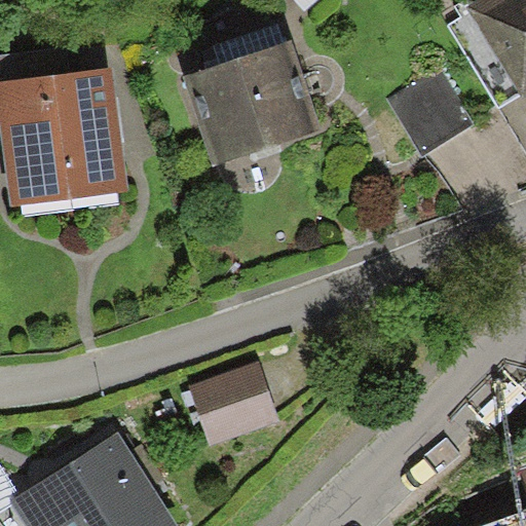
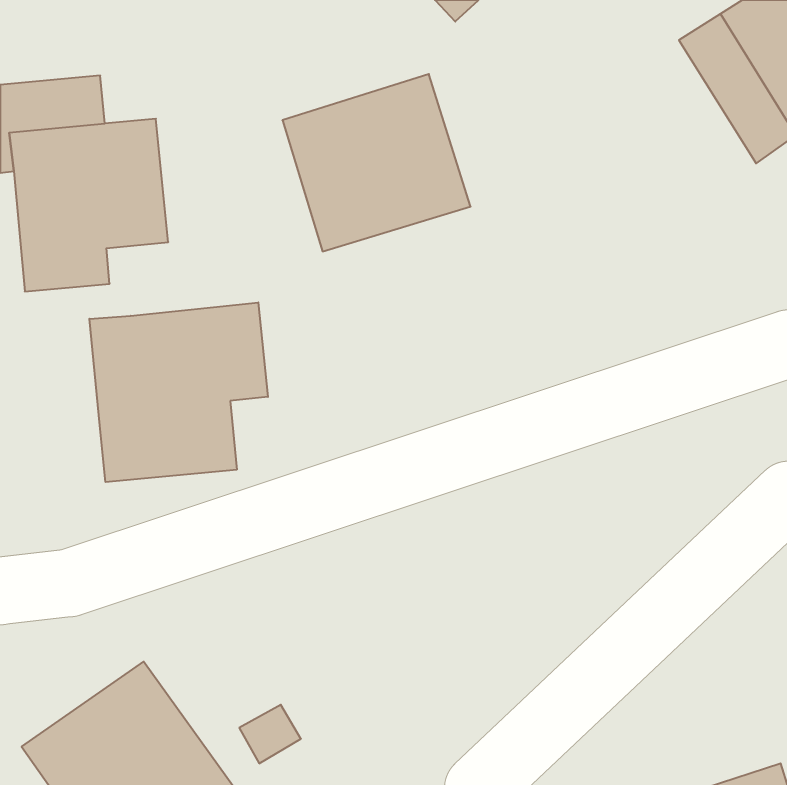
building: [391,72,476,156] -> none
building: none -> [89,302,268,482]
building: [193,353,272,423] -> none

